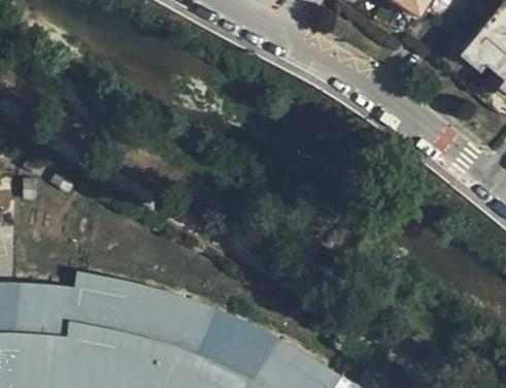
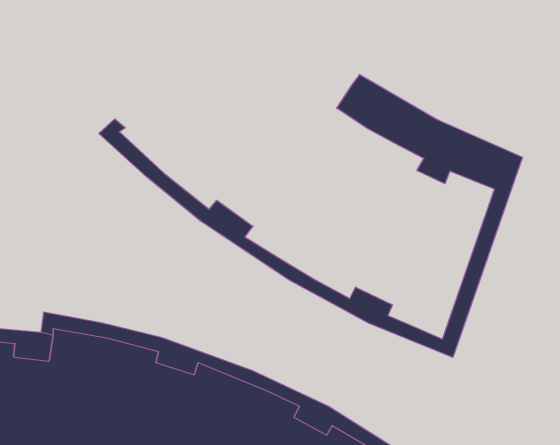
building: none -> [99,74,523,357]

